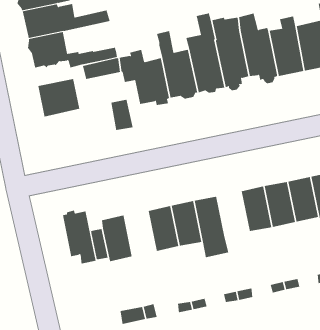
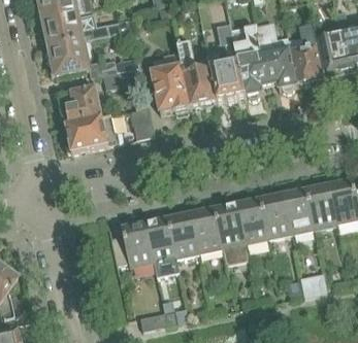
building: none -> [65,114,120,152]
building: none -> [236,198,268,243]
building: [62,210,96,264] -> [144,216,178,270]

